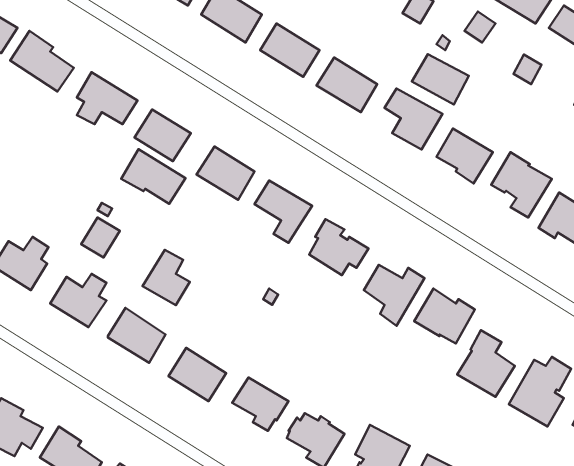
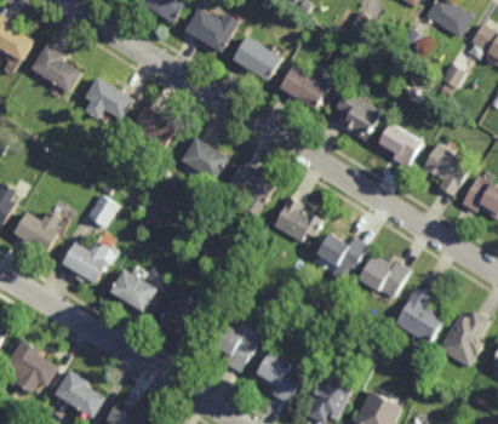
building: [412,54,469,105] -> none
building: [121,149,185,204] -> none
building: [143,250,190,305] -> none

